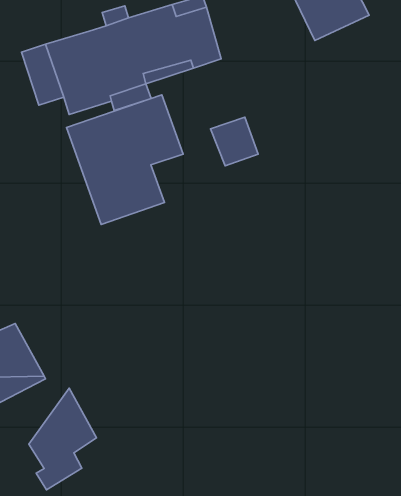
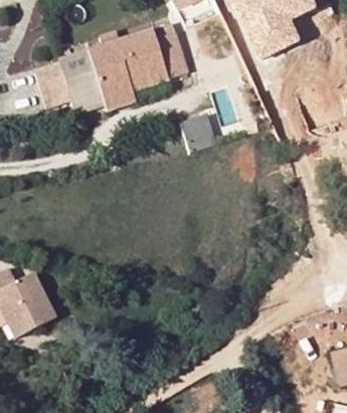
building: [66,95,183,224] -> none
building: [29,388,97,490] -> none

